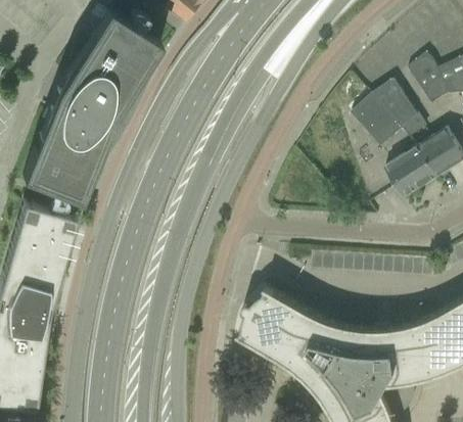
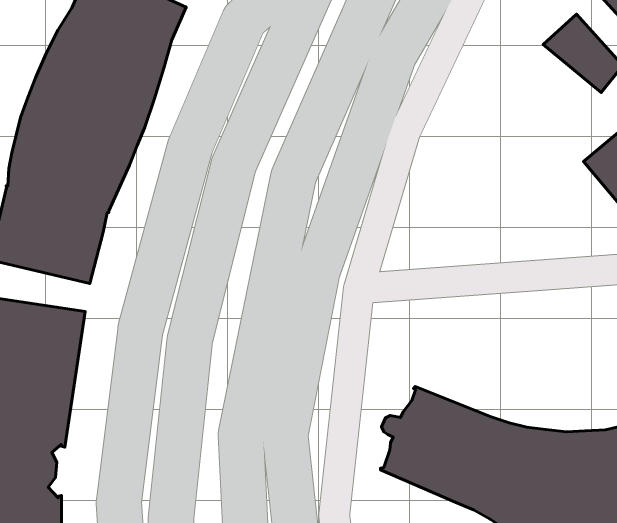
building: [352,95,402,146] -> none

